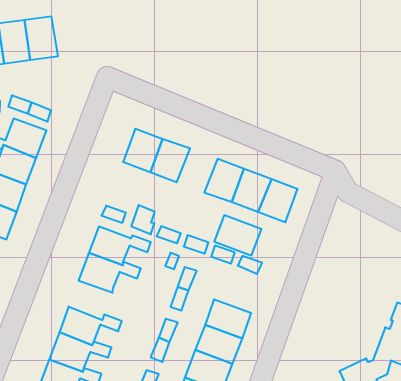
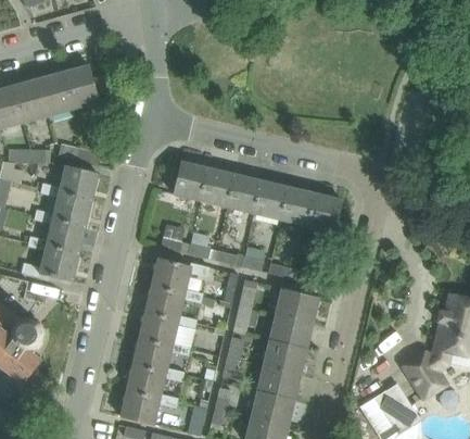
building: none -> [226,174,262,214]
building: [214,215,262,255] -> [275,288,318,323]
building: none -> [138,312,196,347]

